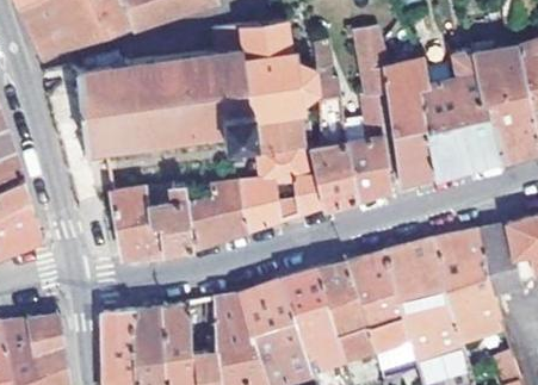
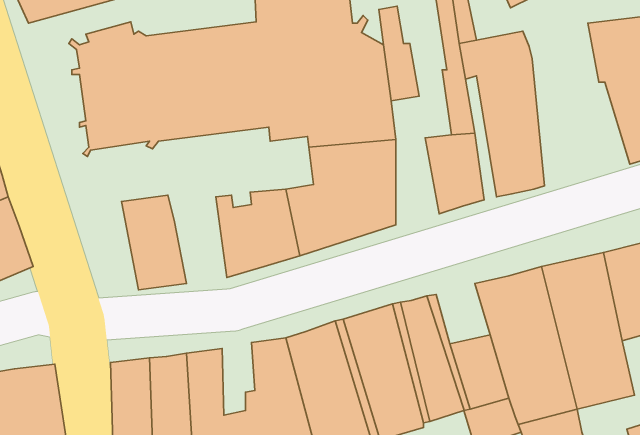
building: [427,49,502,179] -> none
building: [322,142,355,209] -> none
building: [151,182,192,254] -> none
building: [353,254,395,300] -> none

